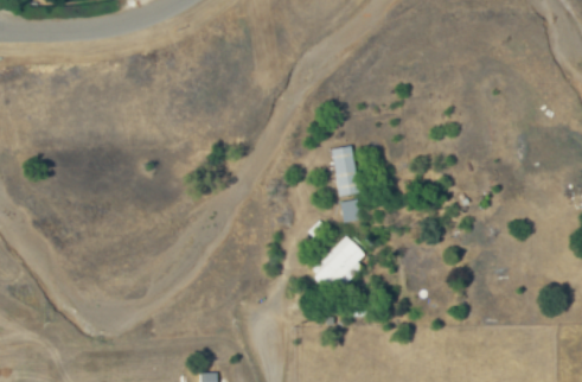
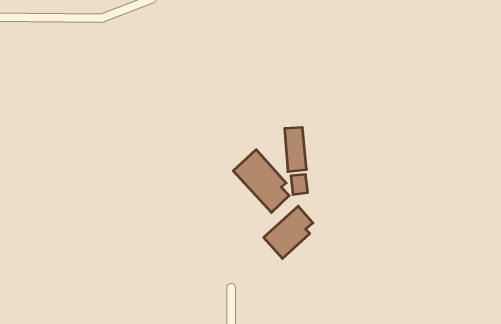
building: none -> [233,150,289,213]

